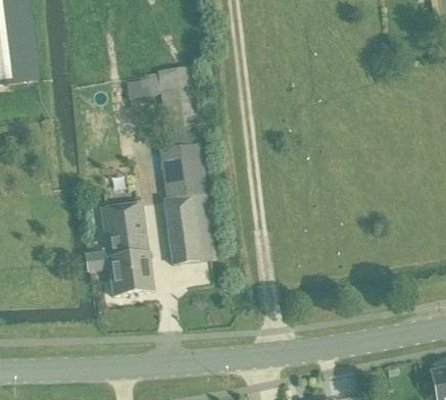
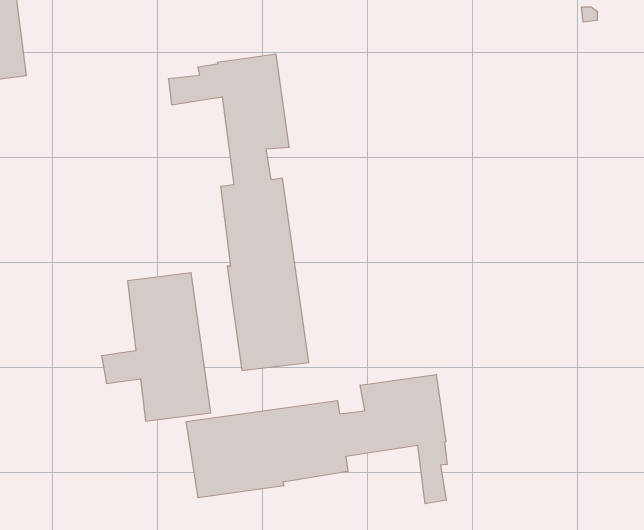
building: none -> [186,374,447,504]

